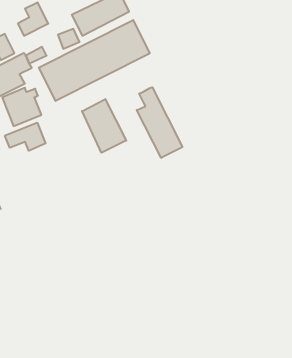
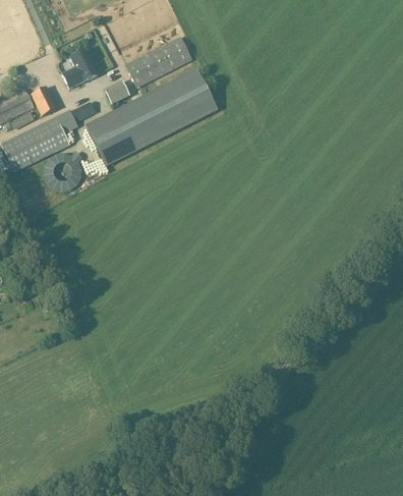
building: [137,87,182,158] -> none
building: [82,99,126,153] -> none
building: [5,123,46,151] -> none

